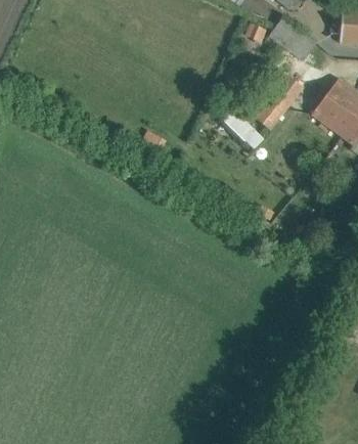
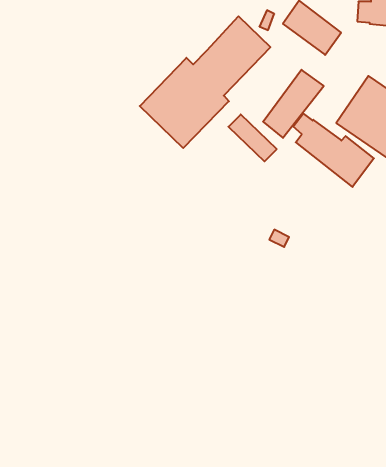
building: none -> [140,16,270,148]
building: none -> [293,114,374,187]

